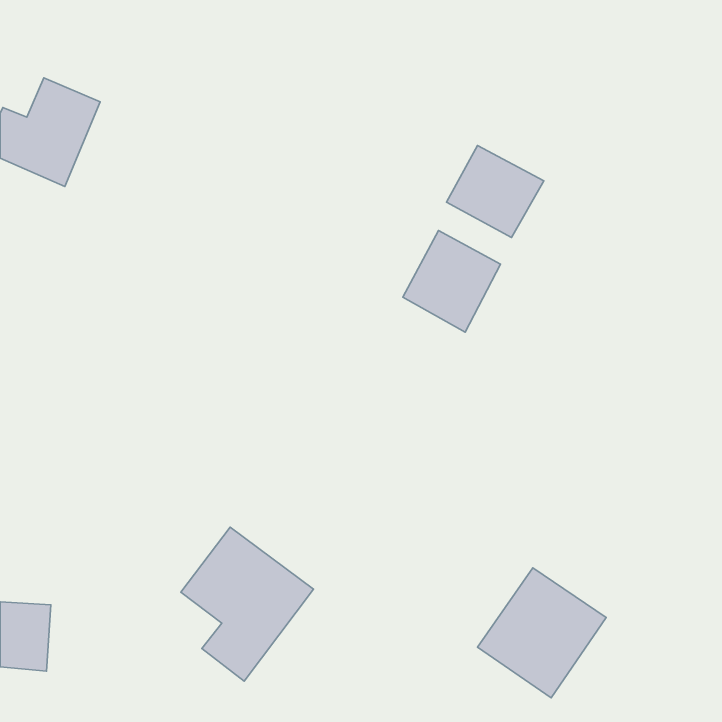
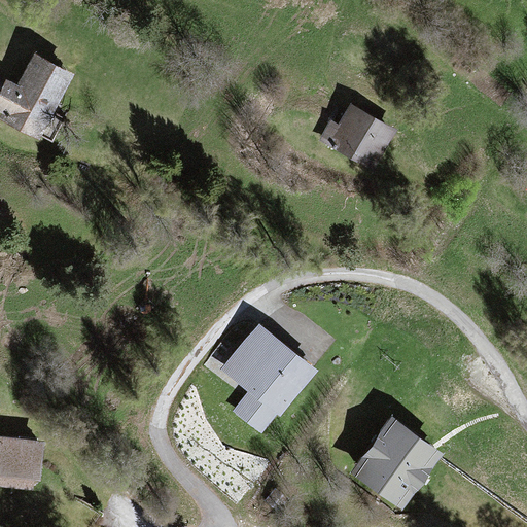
building: [403,231,500,332] -> none
building: [181,527,314,681] -> [217,323,314,435]

